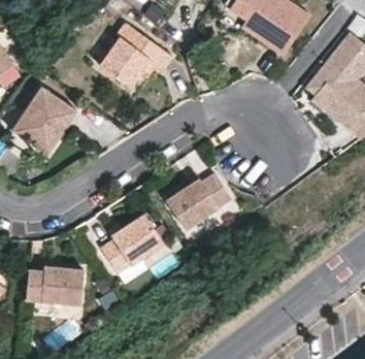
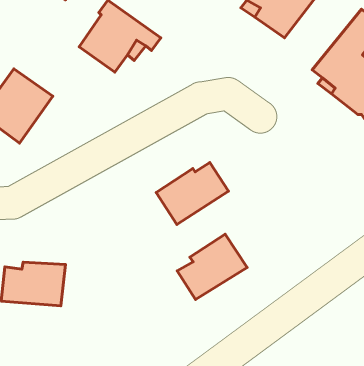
building: [102,213,165,271] -> [177,234,247,300]

